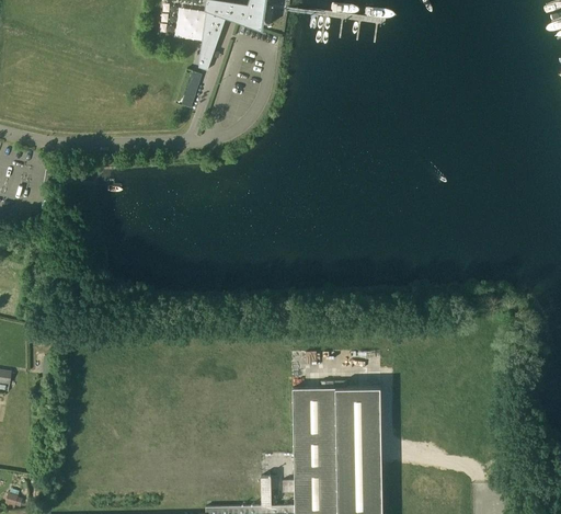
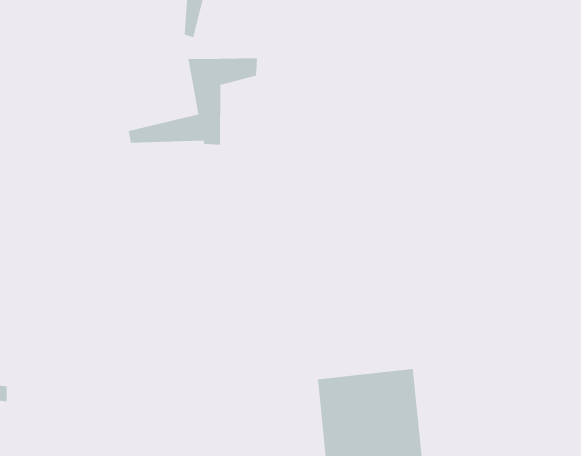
building: none -> [128,57,257,145]

